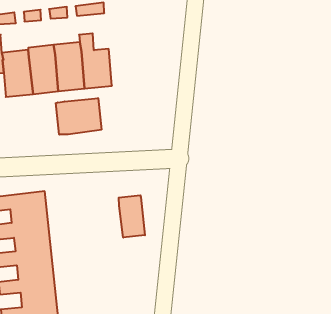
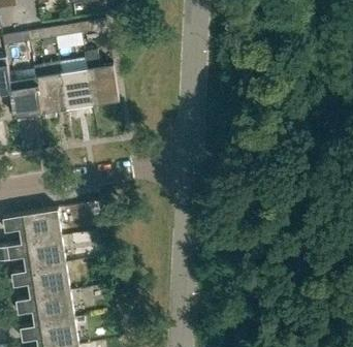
building: [56,98,101,135] -> none
building: [119,195,145,238] -> none

